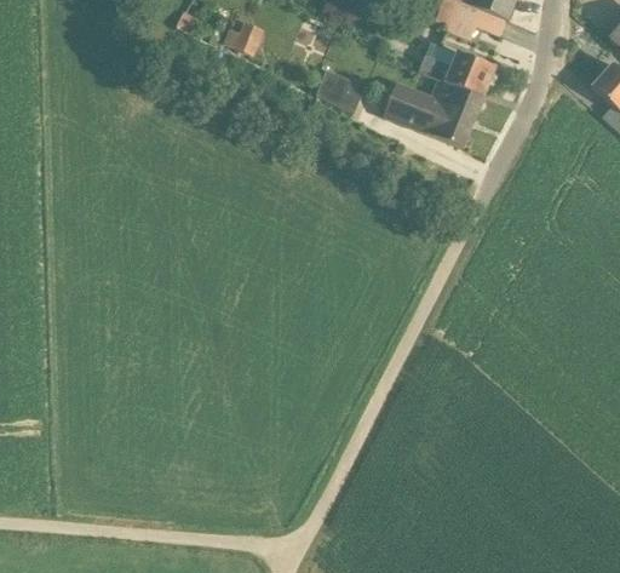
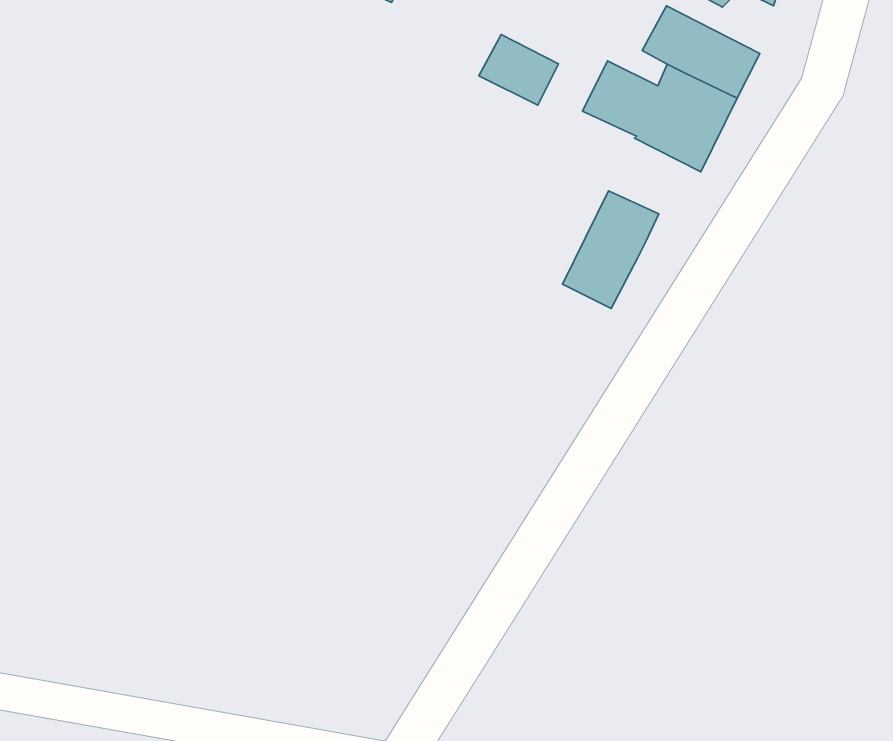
building: none -> [563,191,659,308]

